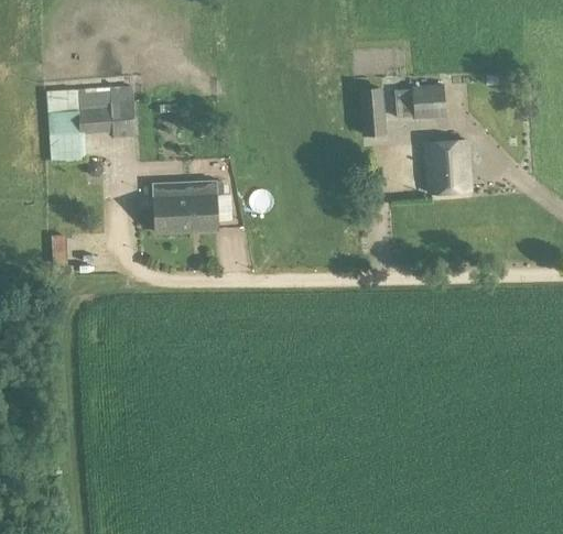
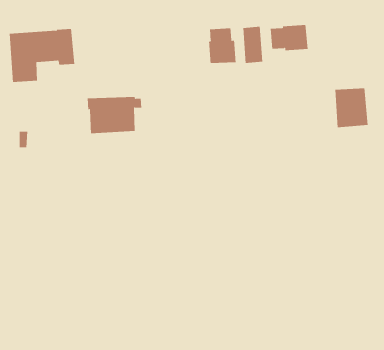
building: none -> [209,28,236,64]
building: [425,140,470,193] -> [334,88,368,128]

